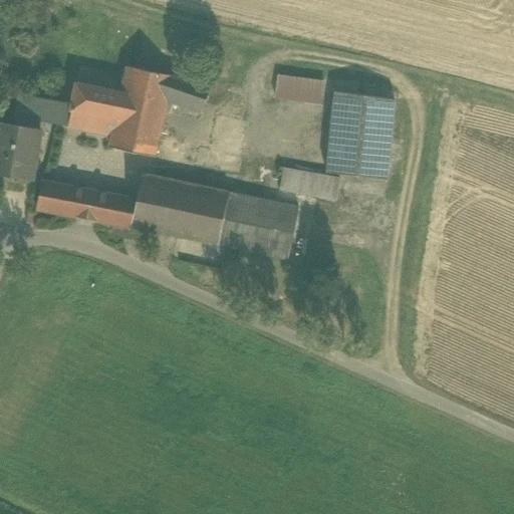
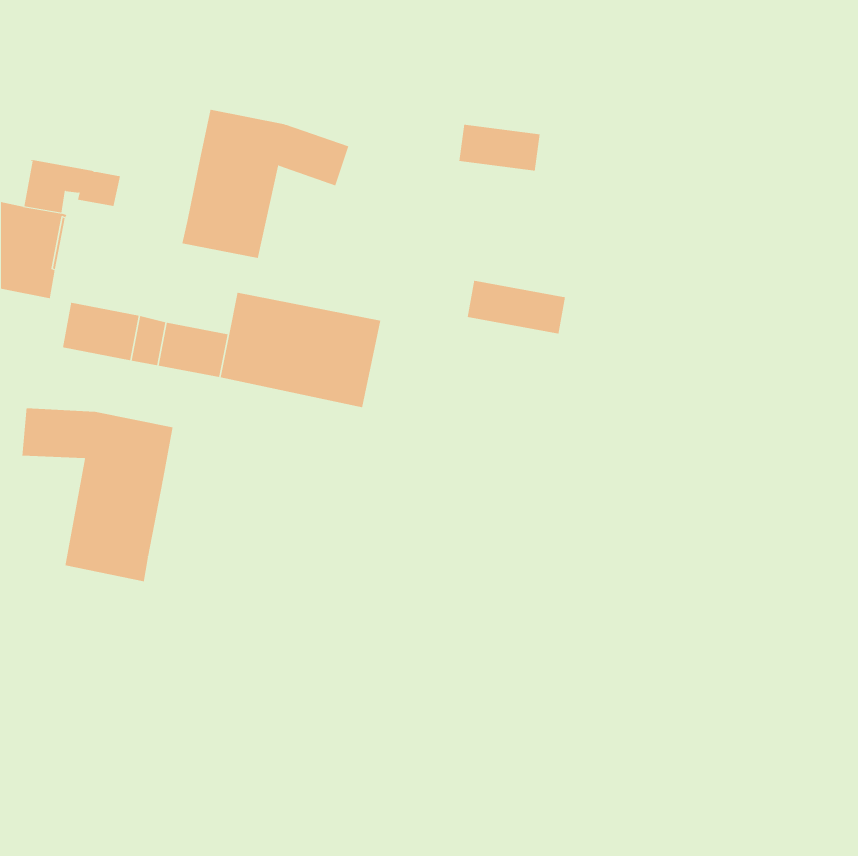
building: [68,84,119,133] -> none
building: [326,91,394,179] -> none
building: [217,192,298,259] -> none
building: none -> [22,408,173,582]

